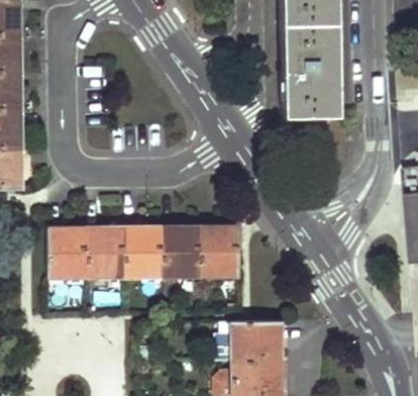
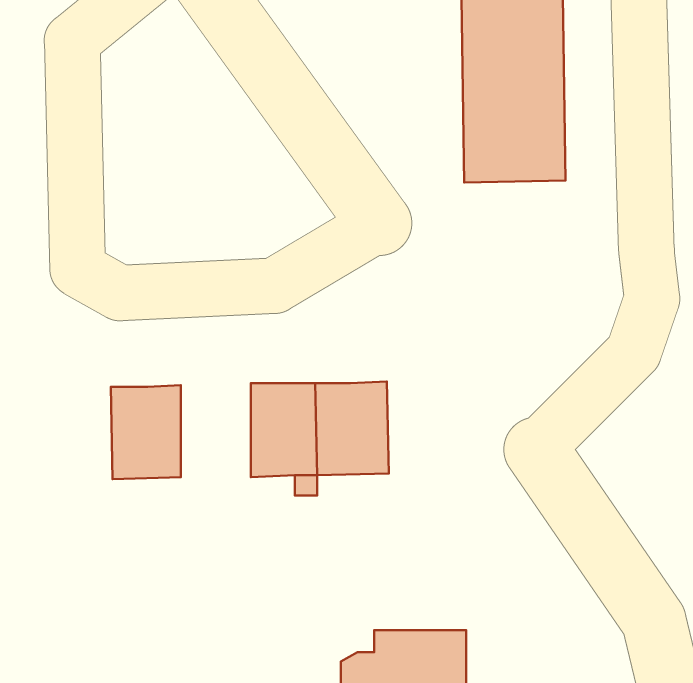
building: [125,225,164,277] -> none
building: [47,227,88,279] -> none
building: [215,320,282,361] -> none

